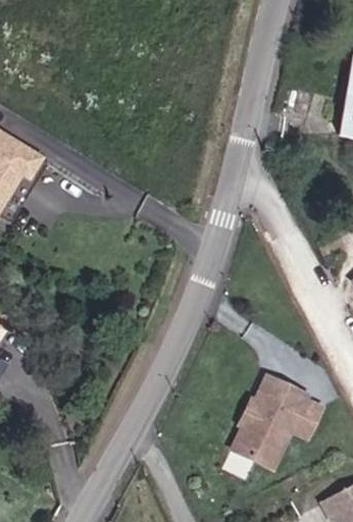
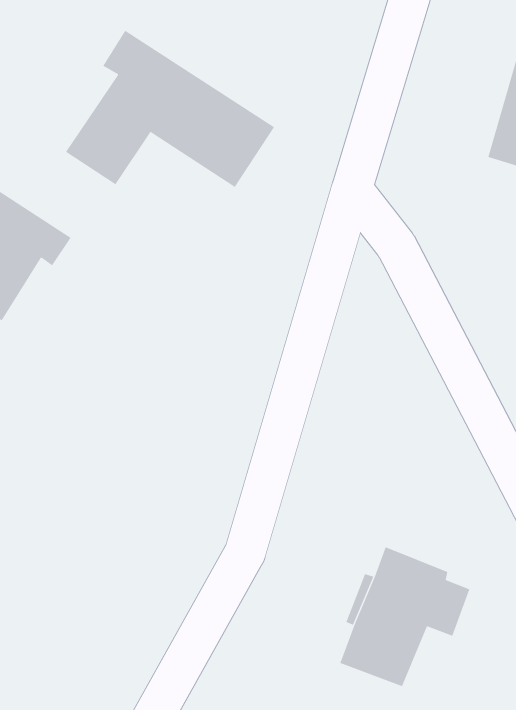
building: none -> [65,30,275,188]

